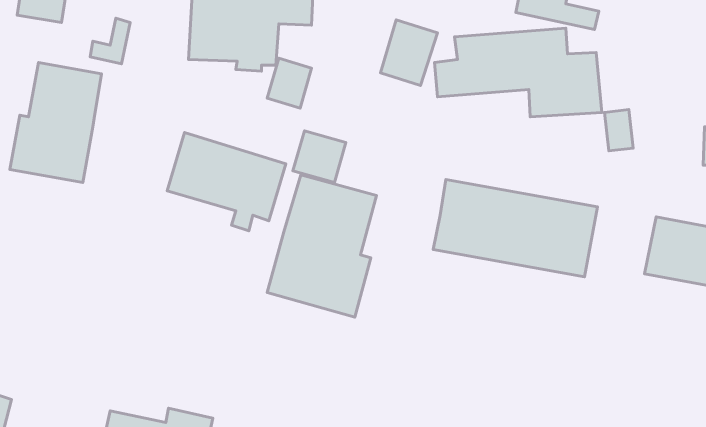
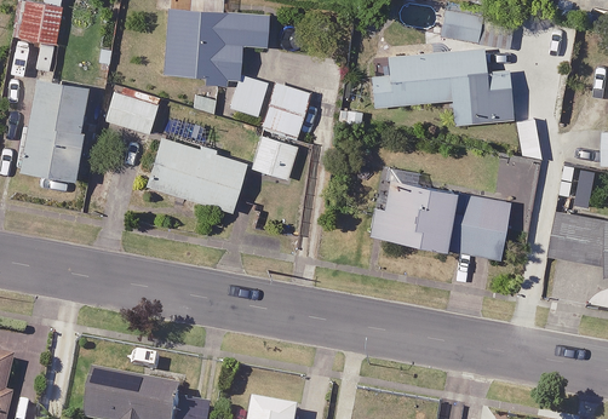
building: [380,20,438,86] -> [260,81,309,137]
building: none -> [103,86,160,133]
building: [267,175,377,317] -> none

